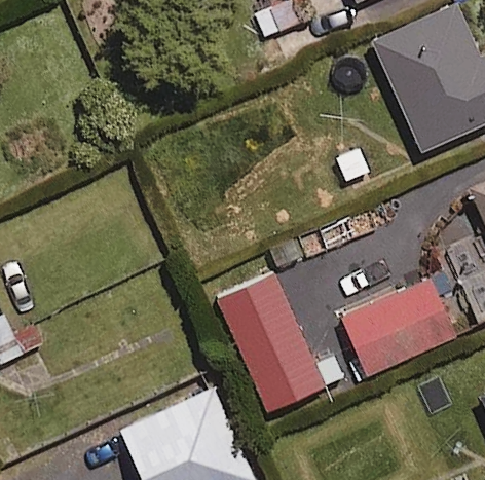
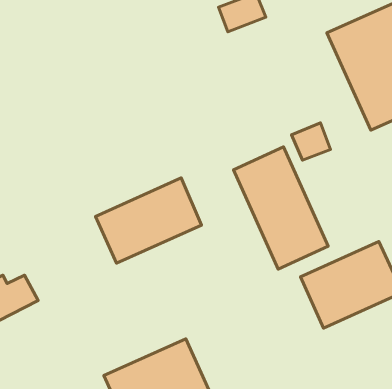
building: none -> [96,178,201,263]
building: [217,275,324,413] -> [234,147,328,269]

